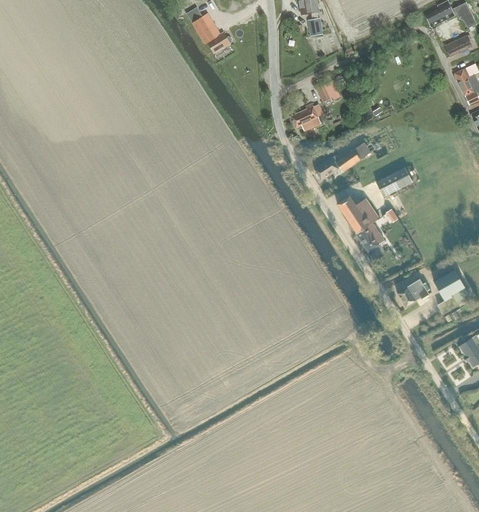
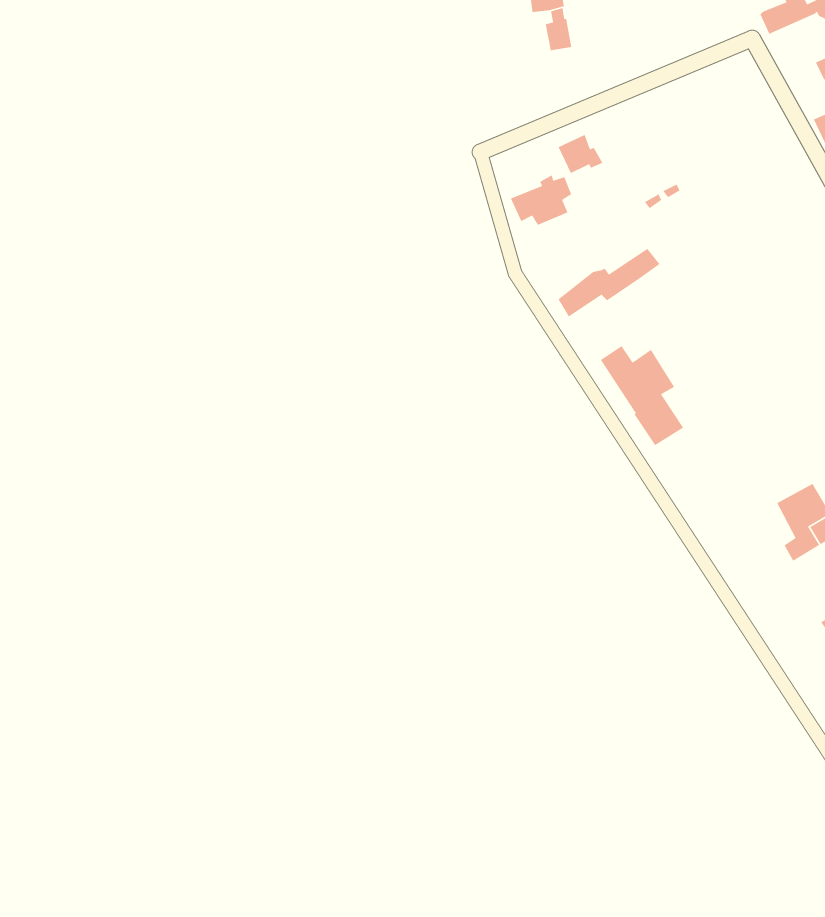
building: [192,13,232,52] -> none
building: [377,168,413,197] -> none
building: [397,278,429,306] -> none

